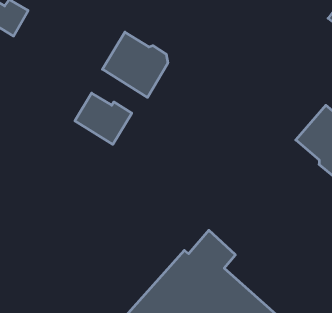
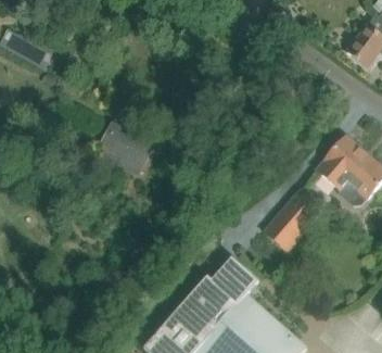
building: [102,32,168,97] -> none
building: none -> [262,189,321,252]

